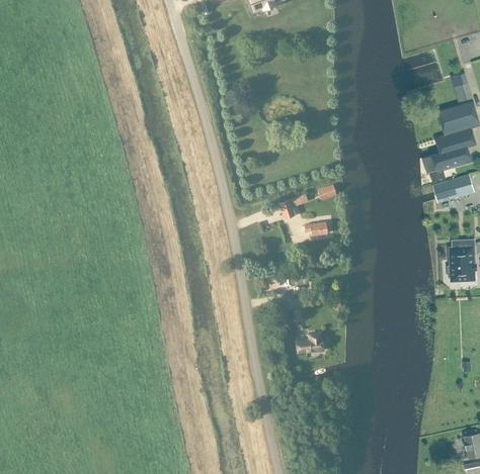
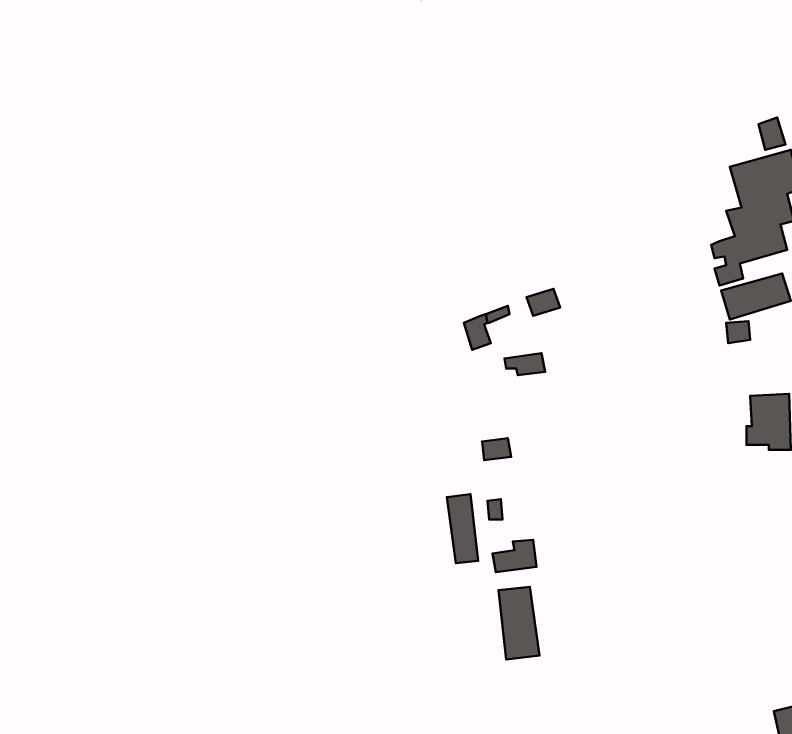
building: none -> [447,494,478,563]
building: none -> [498,587,539,659]

